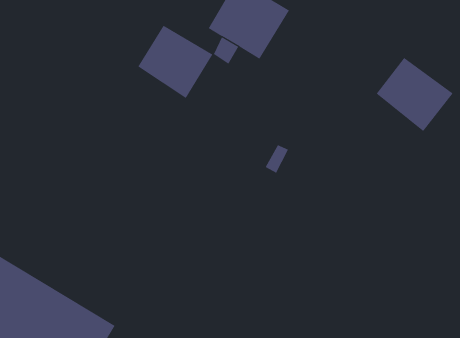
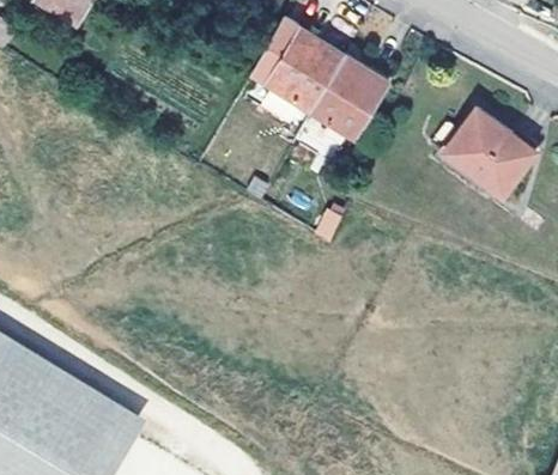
building: none -> [311,56,389,139]
building: [138,25,213,99] -> none

